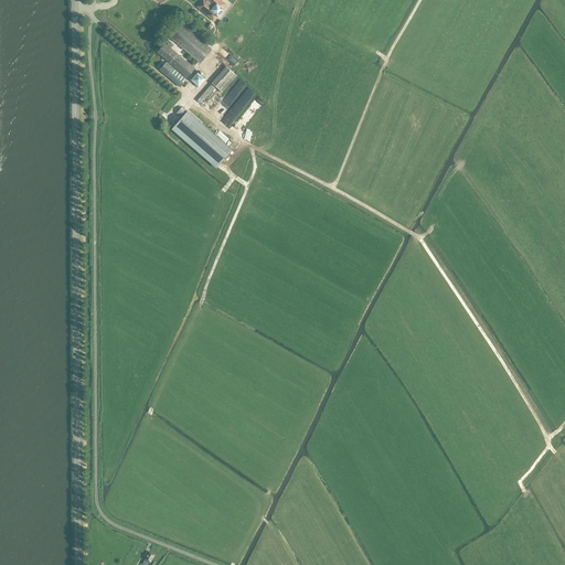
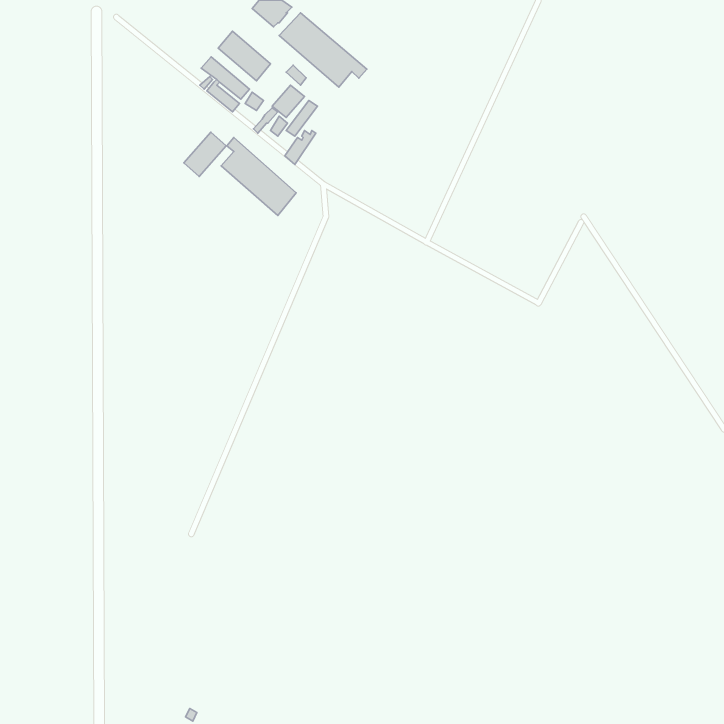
building: none -> [279,13,367,87]
building: none -> [184,132,226,177]

